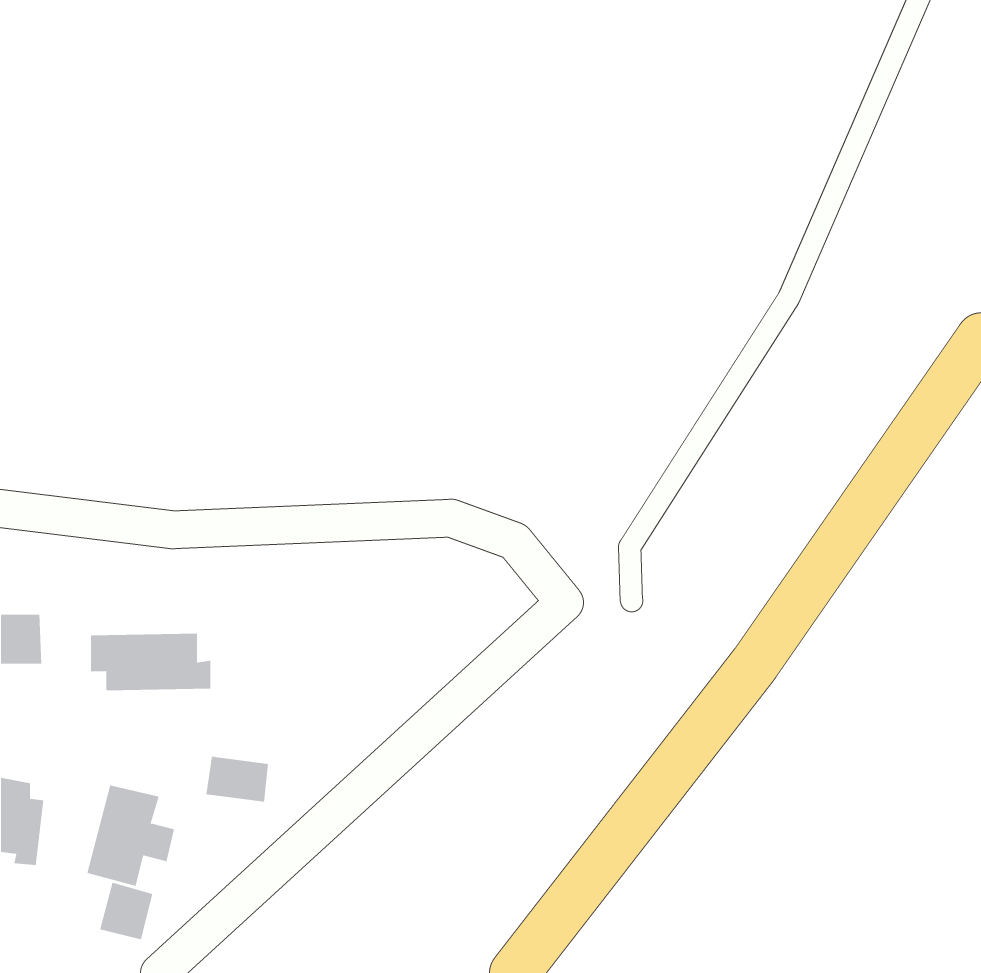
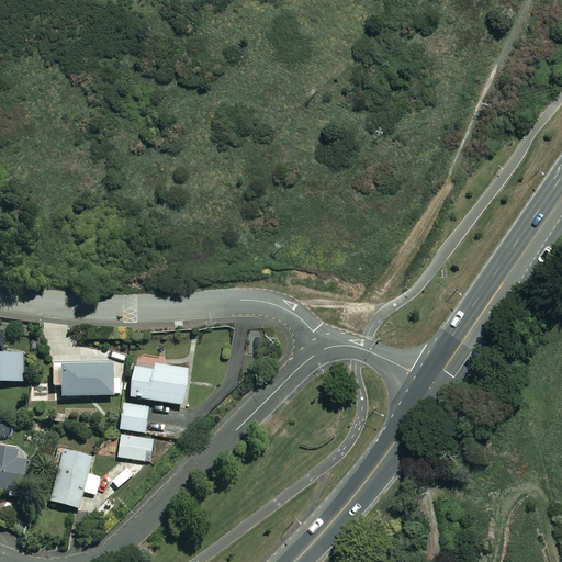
building: none -> [128,362,187,403]
building: none -> [120,402,147,429]
building: [100,882,153,940] -> none

